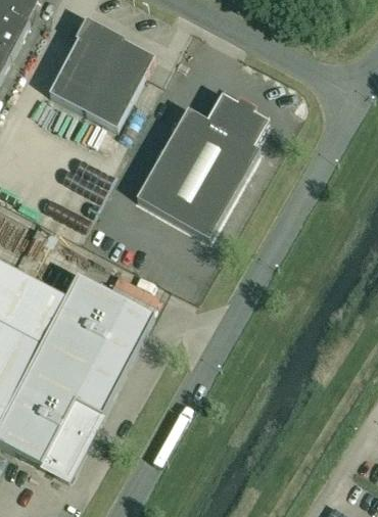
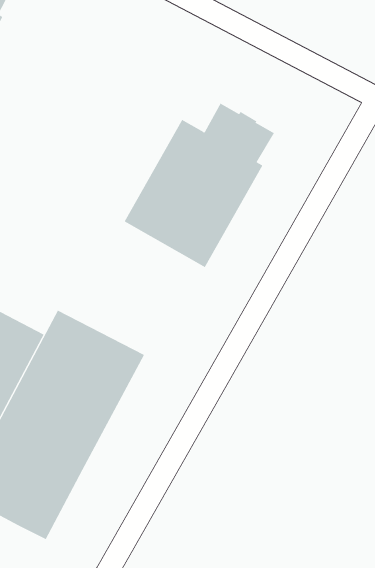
building: [49,18,155,127] -> none

